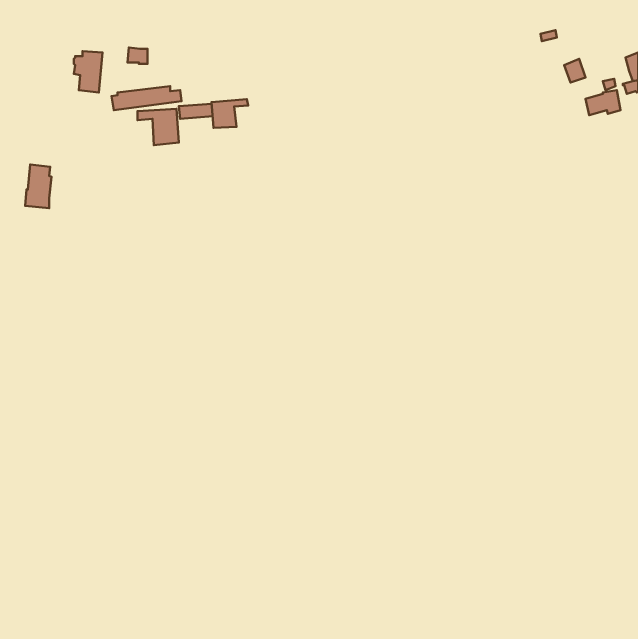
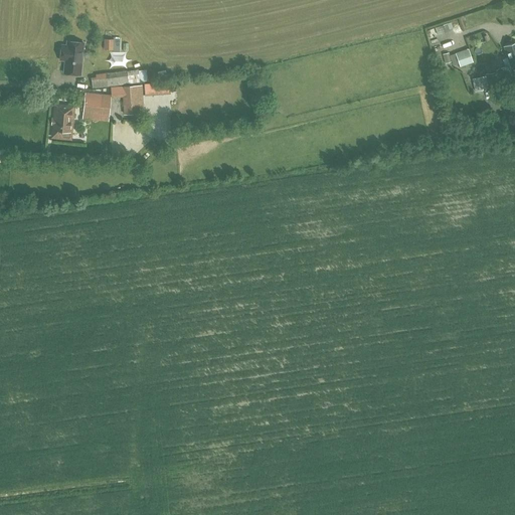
building: [212,99,248,128] -> none
building: none -> [82,94,110,113]
building: [25,164,52,208] -> [51,104,72,139]

